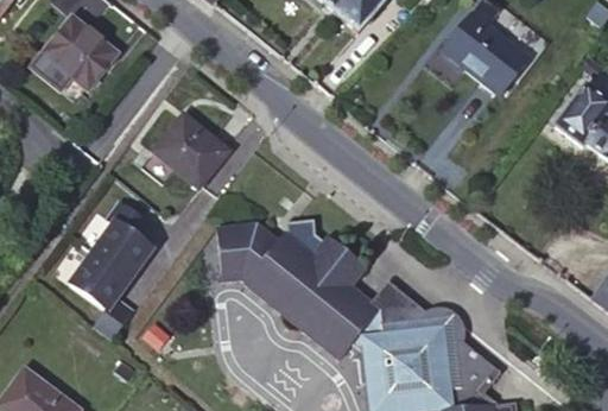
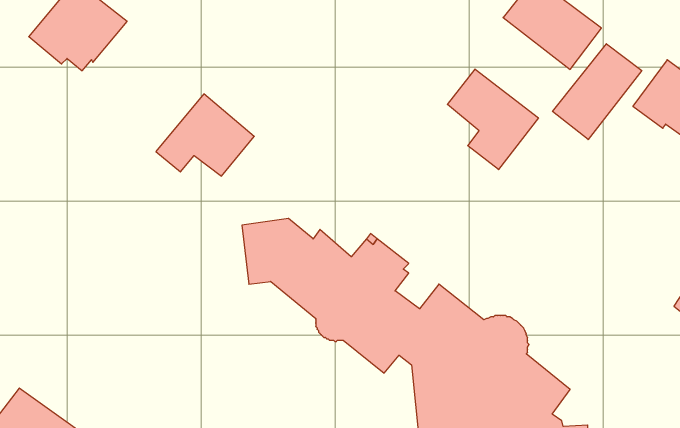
building: none -> [553,44,642,140]
building: none -> [447,69,538,170]
building: [69,202,152,339] -> none

